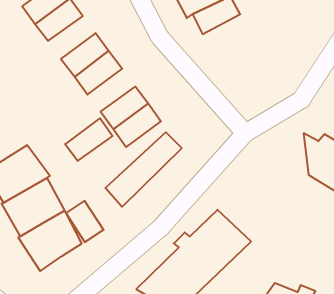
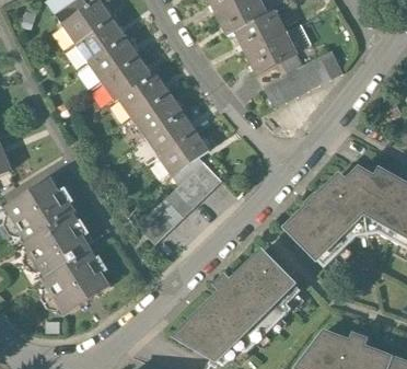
building: none -> [247,32,300,74]
building: none -> [77,34,129,81]
building: none -> [260,56,342,113]
building: [65,118,113,161] -> [120,92,173,139]
building: none -> [286,163,364,262]
building: [66,201,103,242] -> none

